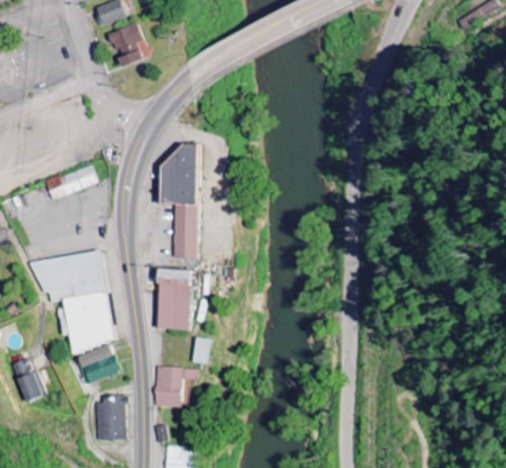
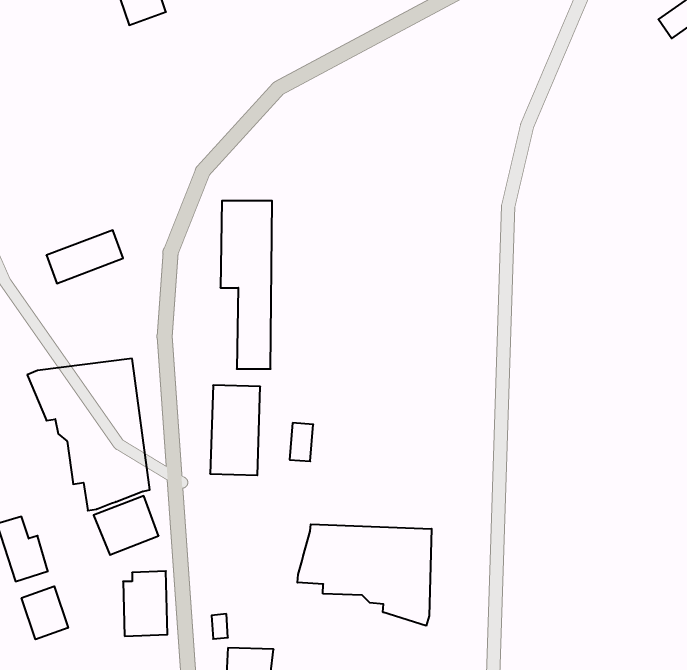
building: [108,22,143,66] -> none
building: [195,338,211,364] -> [290,423,313,461]
building: none -> [297,524,432,626]
building: [155,367,200,407] -> none
building: none -> [22,586,68,639]

